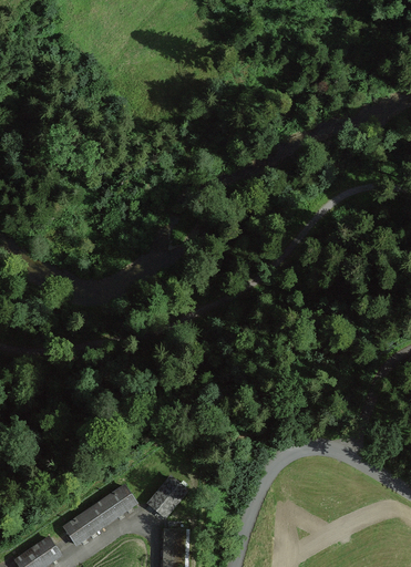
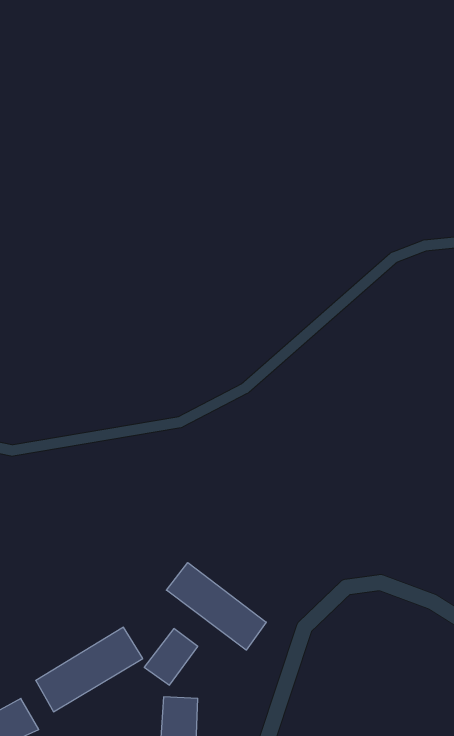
building: none -> [166,563,266,650]

